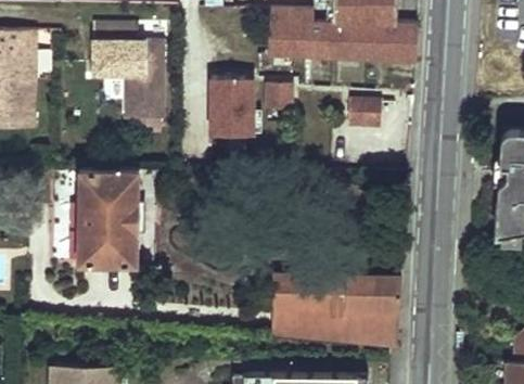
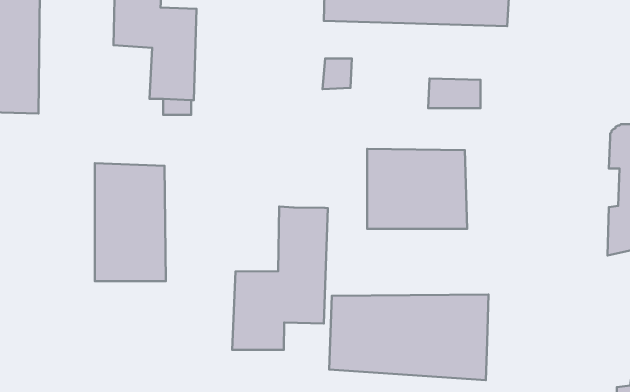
building: [205,79,252,140] -> none
building: none -> [367,149,467,229]
building: none -> [232,206,328,350]

